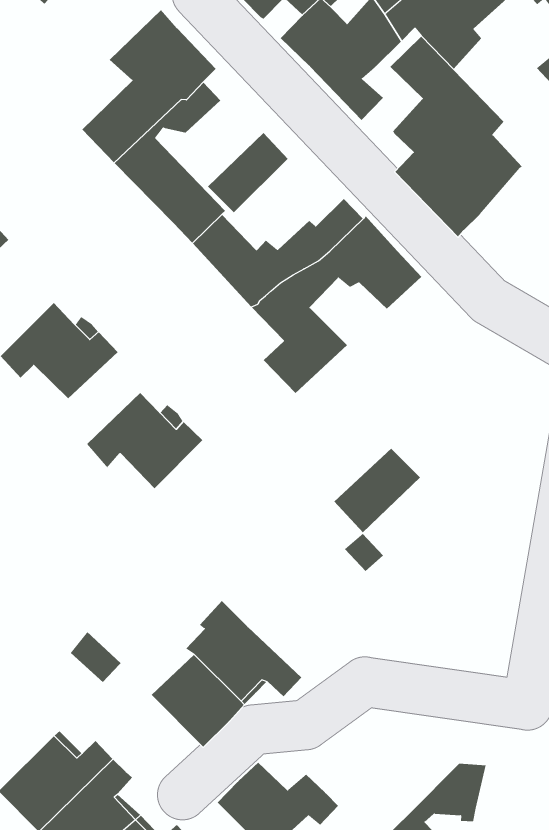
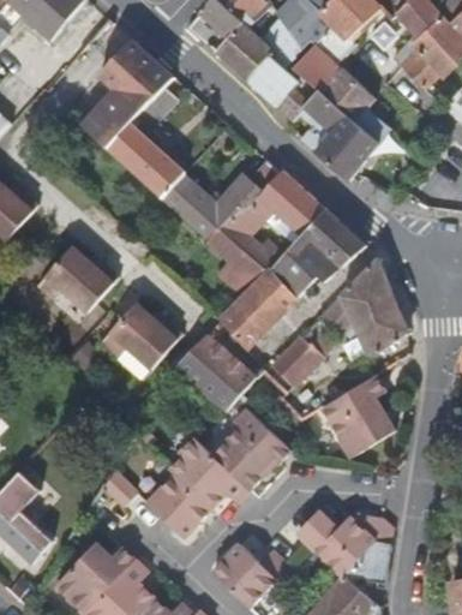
building: [207,132,288,213] -> none
building: none -> [218,209,365,347]
building: none -> [320,256,407,356]
building: none -> [172,332,264,410]
building: none -> [323,372,396,454]
building: none -> [221,407,295,490]
building: none -> [293,513,372,578]

